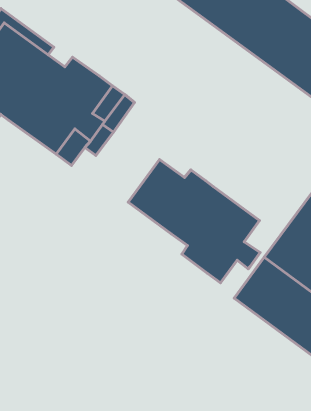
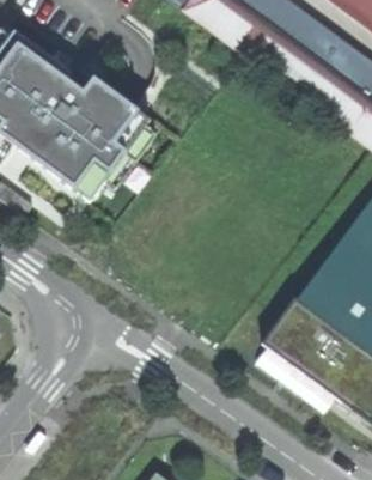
building: [128,159,260,283] -> none

